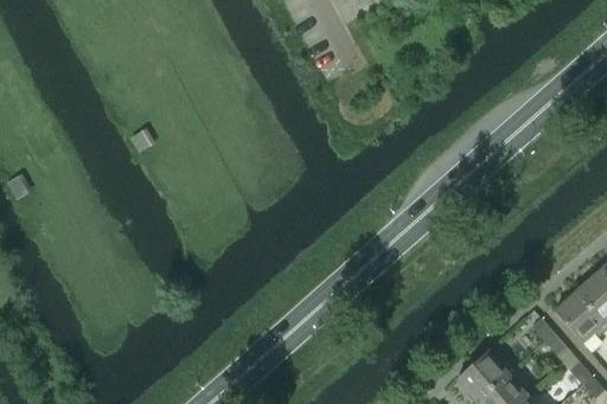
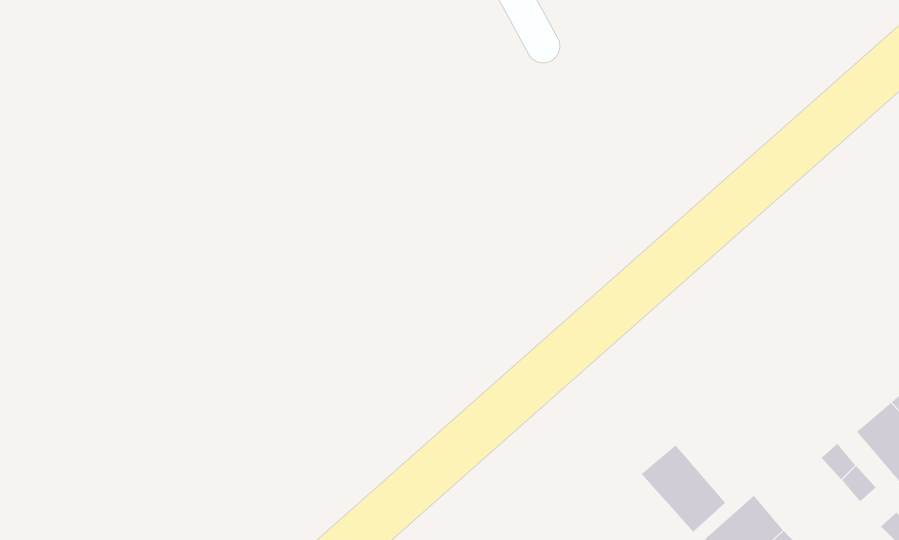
building: none -> [641,444,726,533]

